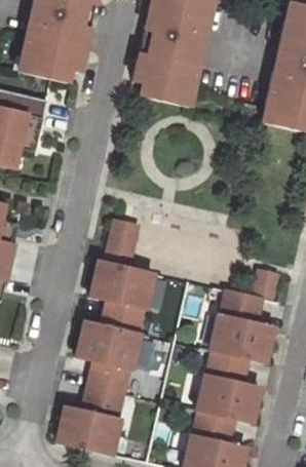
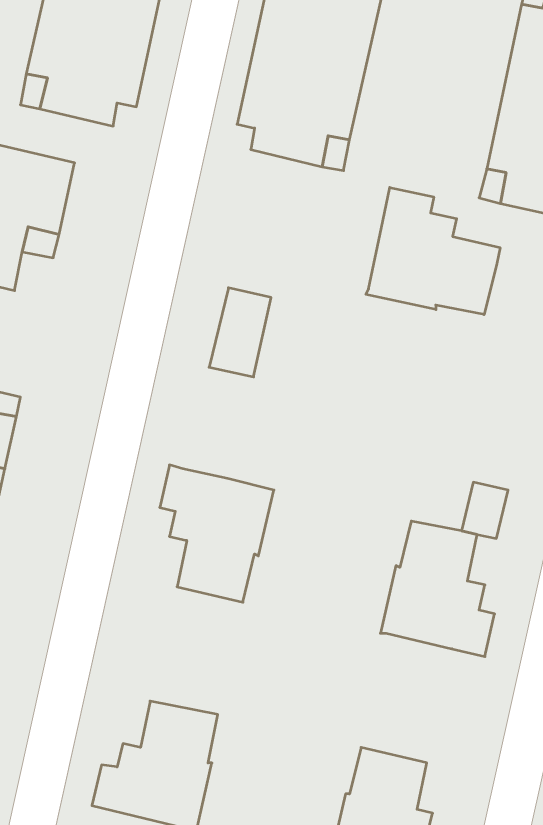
building: none -> [366,187,500,315]
building: [106,221,139,268] -> [209,288,271,377]
building: [80,321,141,393] -> none
building: [197,350,258,423] -> none

